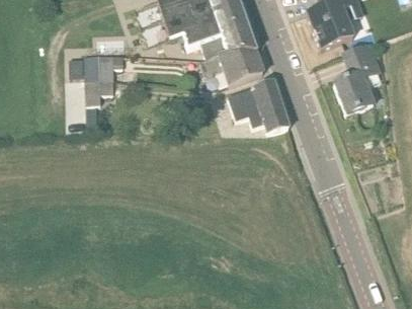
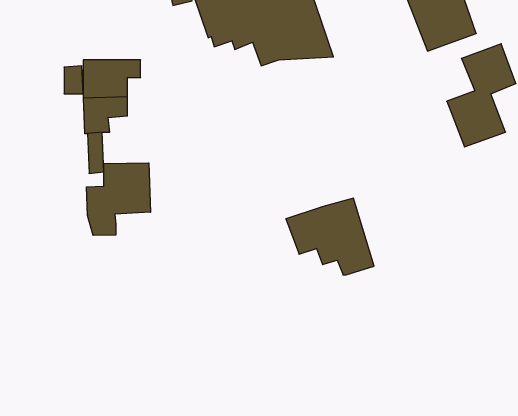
building: [200,52,262,85] -> none
building: [227,80,287,133] -> [286,198,374,275]
building: none -> [87,163,151,235]

